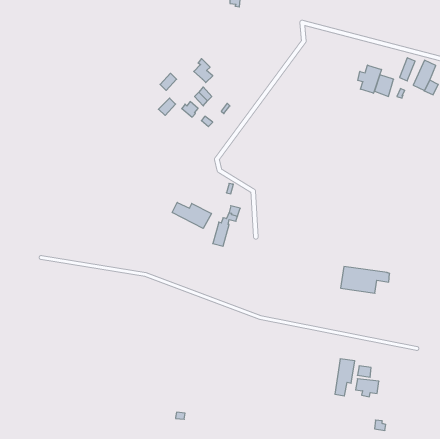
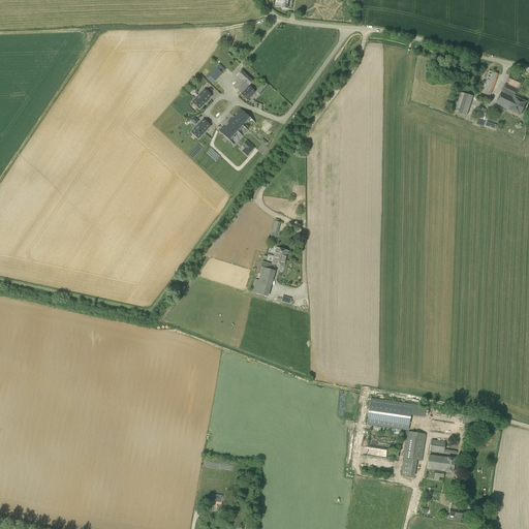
building: [358,65,381,93] -> none
building: [172,202,211,228] -> none
building: [341,267,390,293] -> [367,398,426,430]

